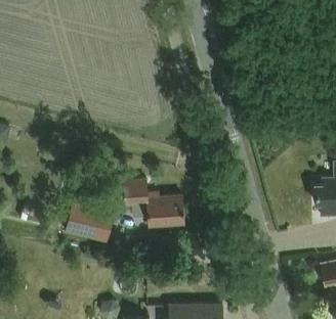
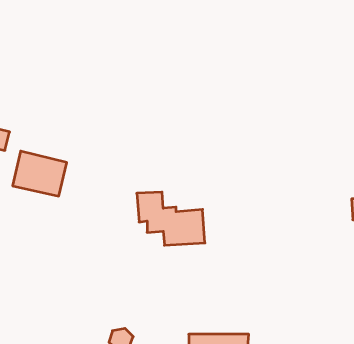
building: [65,199,113,239] -> [13,151,67,196]

